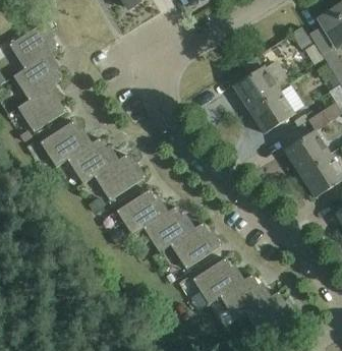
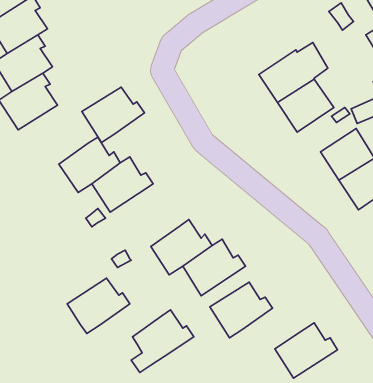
building: [40,121,92,167] -> [82,87,144,142]
building: [116,189,168,235] -> [67,278,130,333]
building: [219,274,271,326] -> [131,310,194,373]

